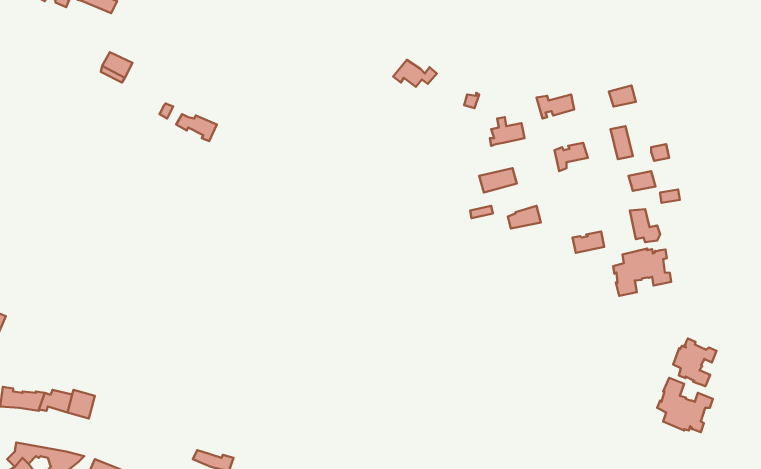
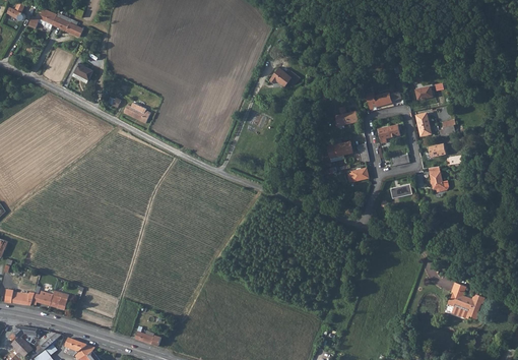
building: [613,249,671,296] -> none
building: [673,338,717,386] -> none

